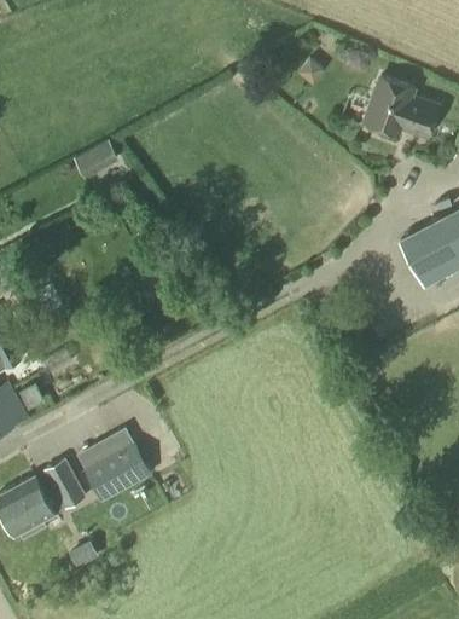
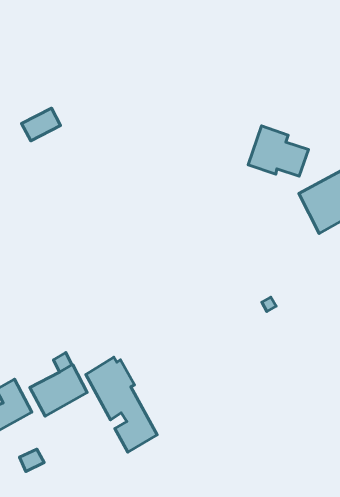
building: [365,77,436,137] -> [248,126,309,176]
building: none -> [86,357,157,452]

